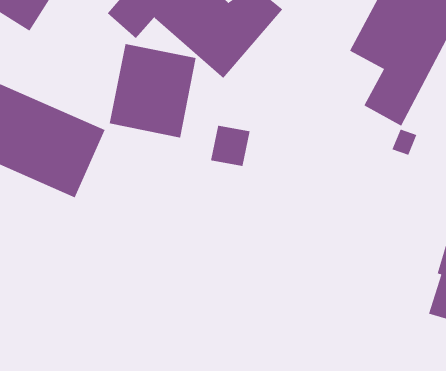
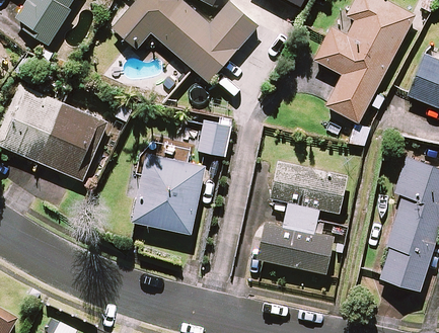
building: [109,43,197,138] -> [132,155,205,234]
building: none -> [257,163,345,273]

